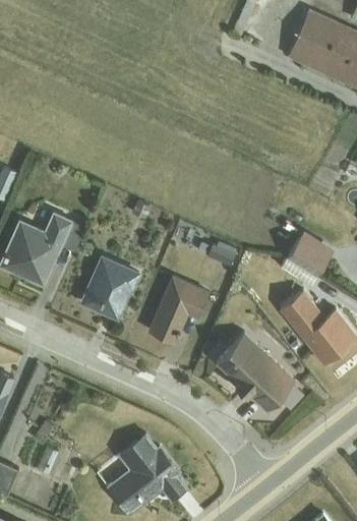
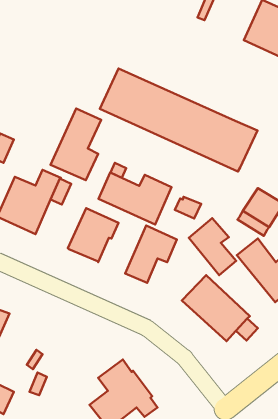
building: none -> [100,68,257,172]
building: none -> [50,109,101,180]
building: none -> [98,172,171,225]
building: none -> [189,218,236,275]

